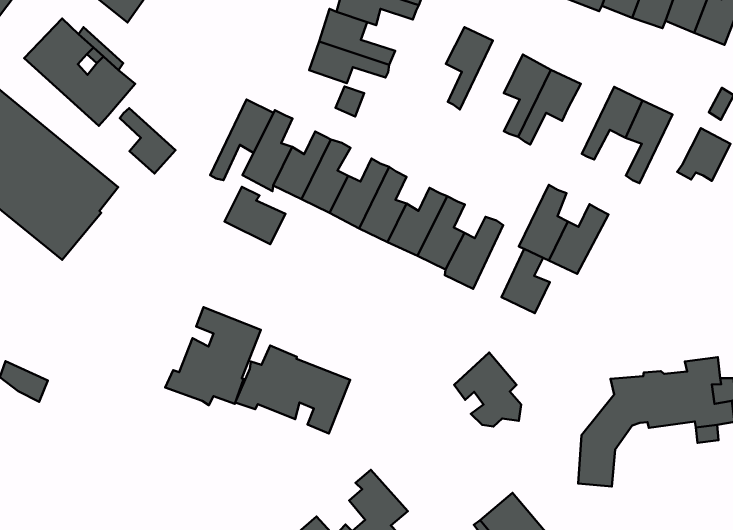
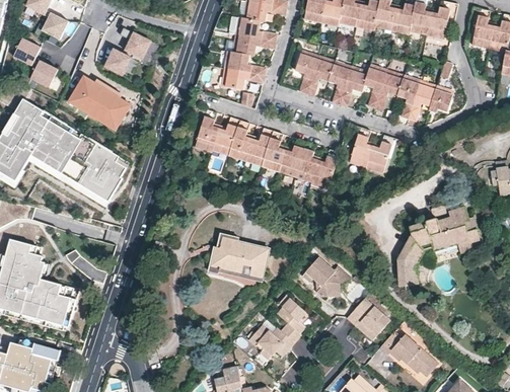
building: none -> [306,55,336,96]
building: none -> [364,64,387,108]
building: [210,99,274,180] -> none
building: [120,108,176,174] -> none
building: none -> [409,80,437,122]
building: [224,187,285,244] -> none
building: [501,249,550,313] -> none
building: [165,307,261,405] -> none
building: [454,352,521,427] -> [302,256,340,296]

